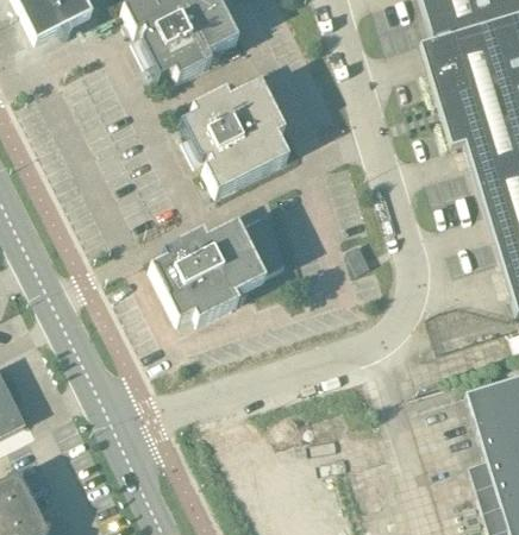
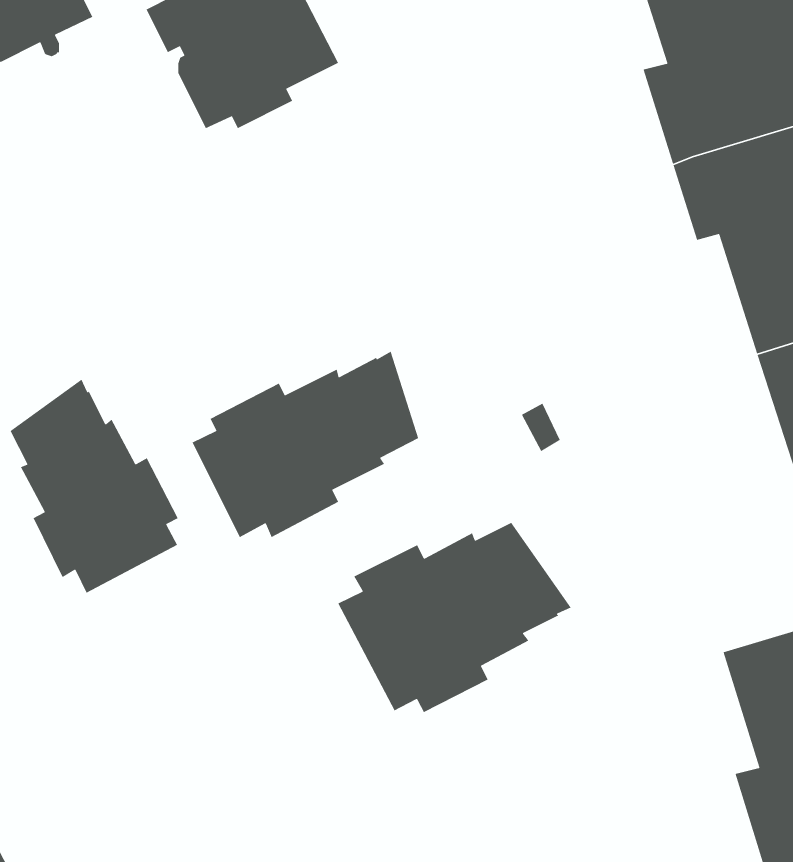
building: [181,81,289,194] -> none
building: none -> [10,379,179,594]
building: none -> [337,522,572,713]

